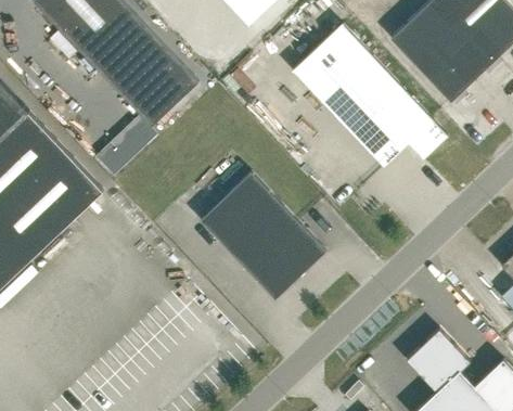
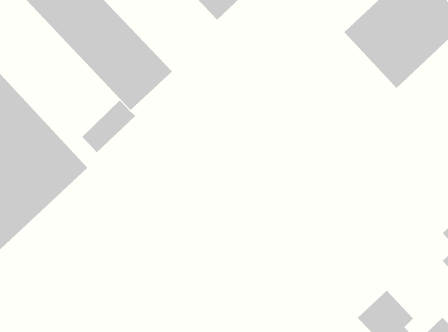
building: [294,23,449,167] -> none
building: [201,171,328,299] -> none

